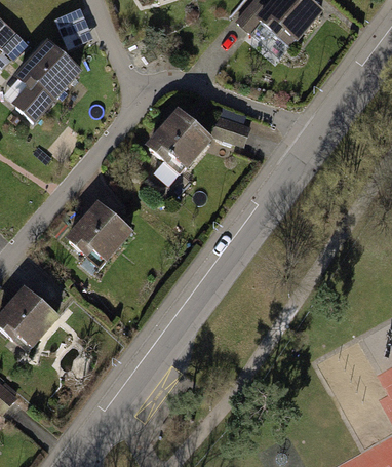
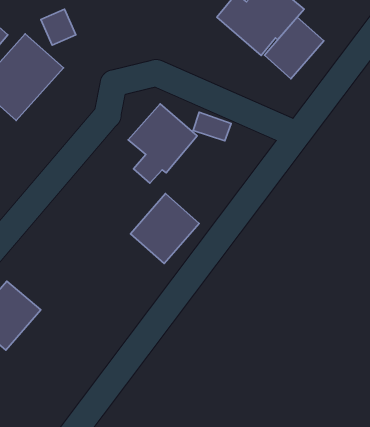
building: none -> [264,17,324,79]
building: [65,198,133,268] -> [130,194,199,264]

